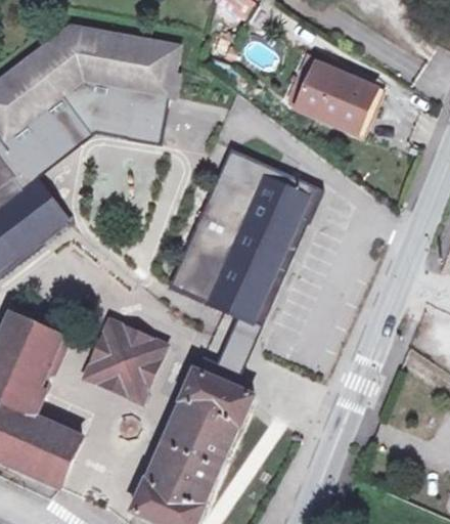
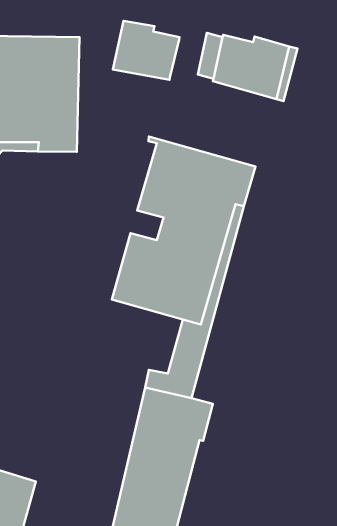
building: none -> [113,21,179,80]
building: [168,148,238,285] -> none
building: [83,319,164,399] -> none

